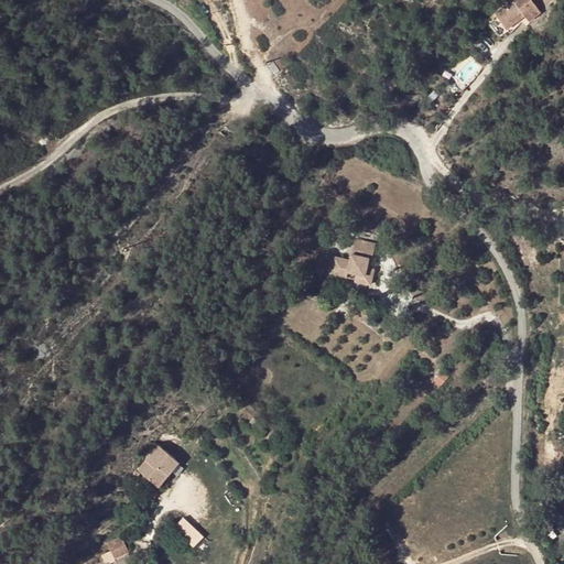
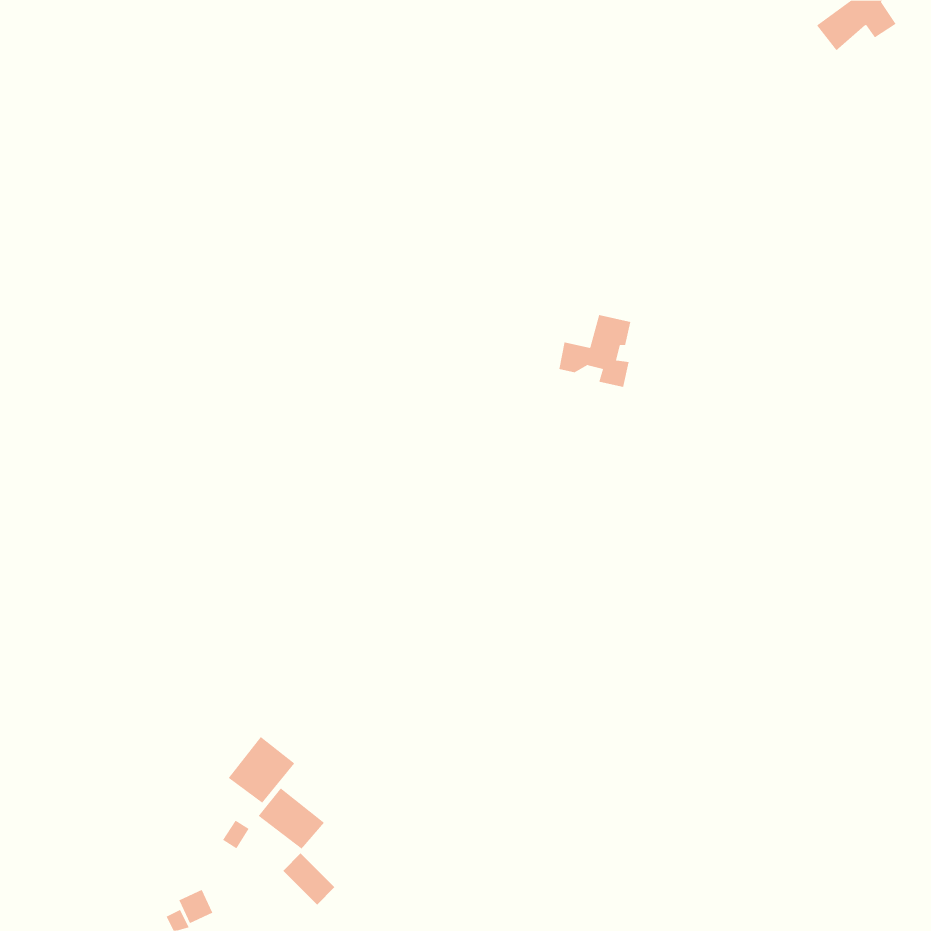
building: [330,240,375,284] -> [558,315,631,387]
building: none -> [258,787,325,850]

